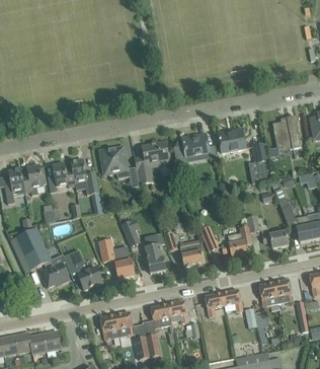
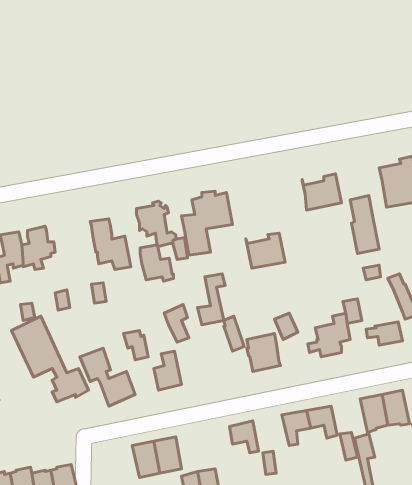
building: [181,133,209,157] -> [246,233,285,268]
building: [52,162,75,188] -> [140,245,174,281]
building: [147,237,166,273] -> [198,274,225,325]
building: [150,304,171,328] -> none

